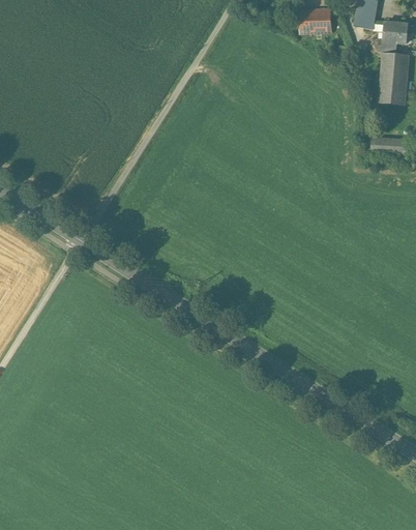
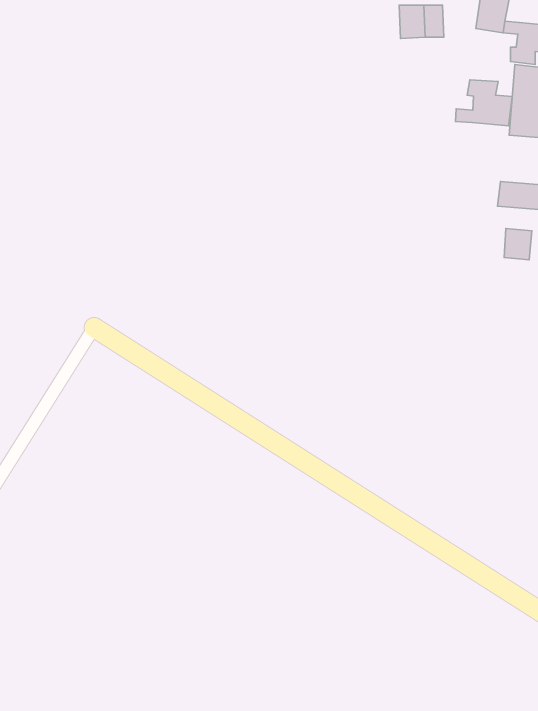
building: none -> [456,80,512,126]
building: none -> [504,229,532,260]

